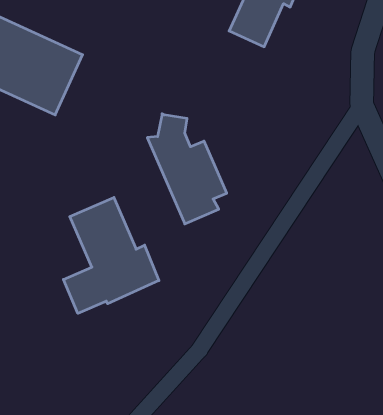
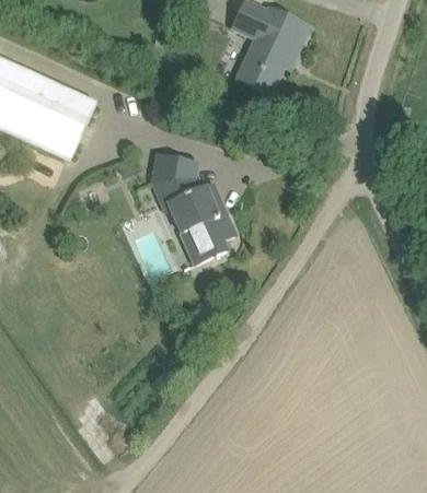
building: [63,197,159,313] -> none

